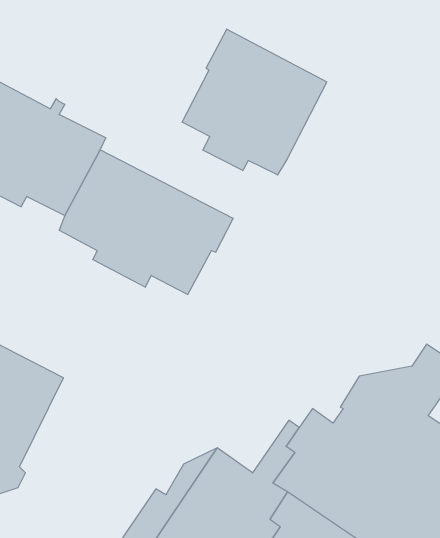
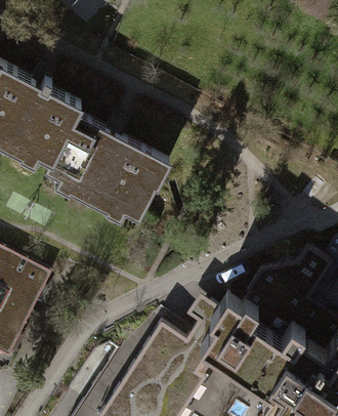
building: [182,29,327,175] -> none

